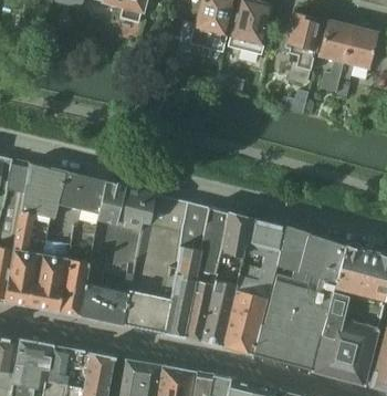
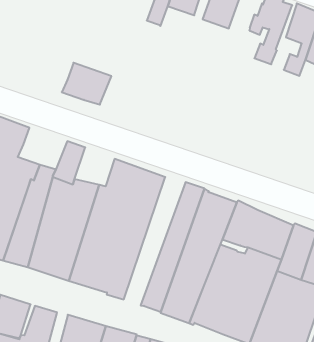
building: [60,173,108,212] -> [62,63,111,105]
building: [119,187,158,225] -> none
building: [181,209,232,342] -> none

